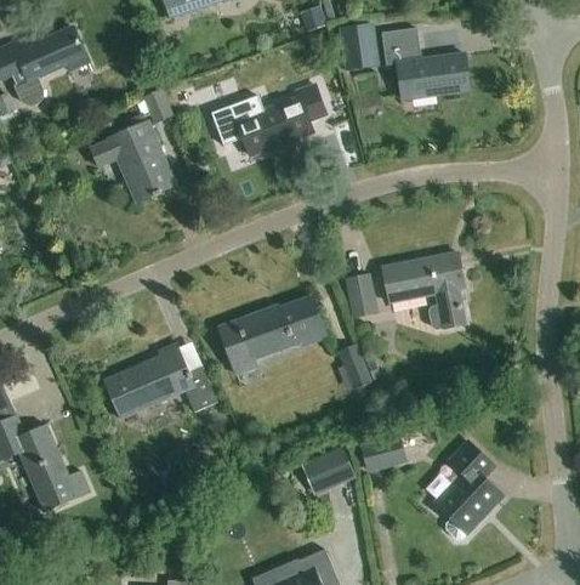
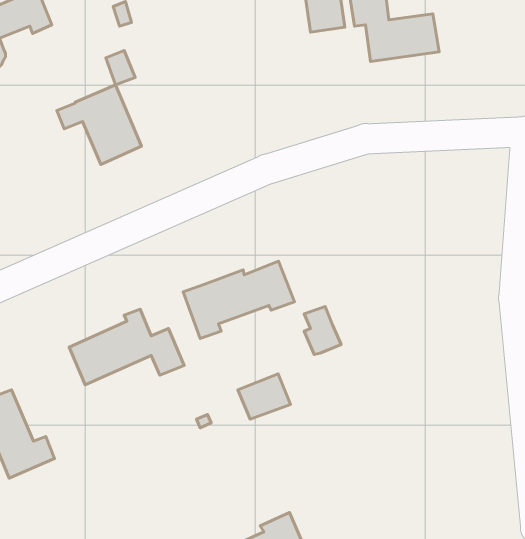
building: [211,83,326,155] -> none
building: [383,251,466,329] -> none
building: [343,272,377,318] -> none
building: [359,436,404,471] -> none
building: [434,438,502,539] -> none
building: [300,447,352,492] -> [238,374,291,419]

